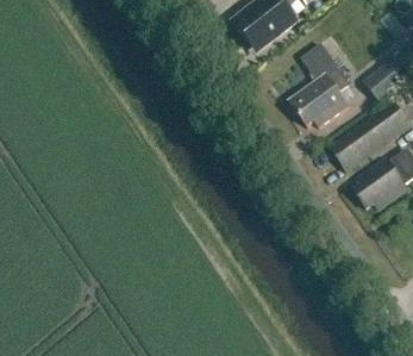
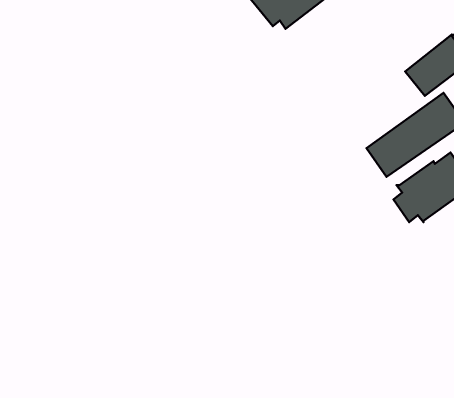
building: [288,42,349,125] -> none

